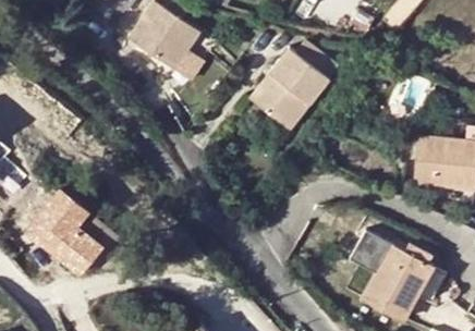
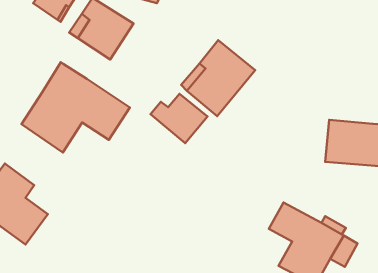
building: none -> [21,62,130,153]
building: none -> [151,94,207,143]

